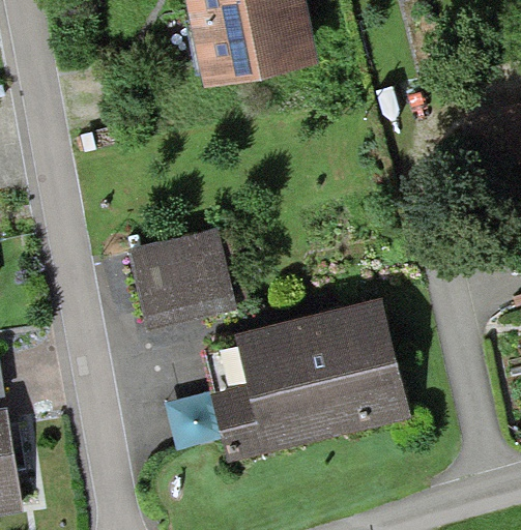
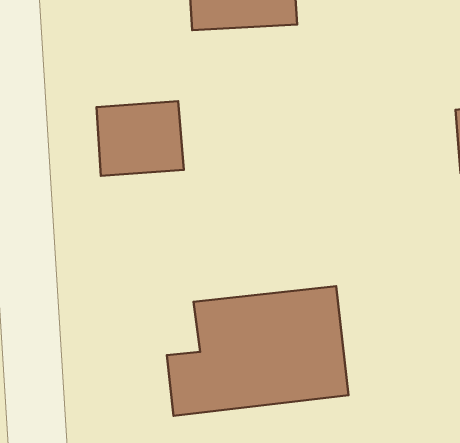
building: [139,233,231,315] -> [96,101,184,176]

